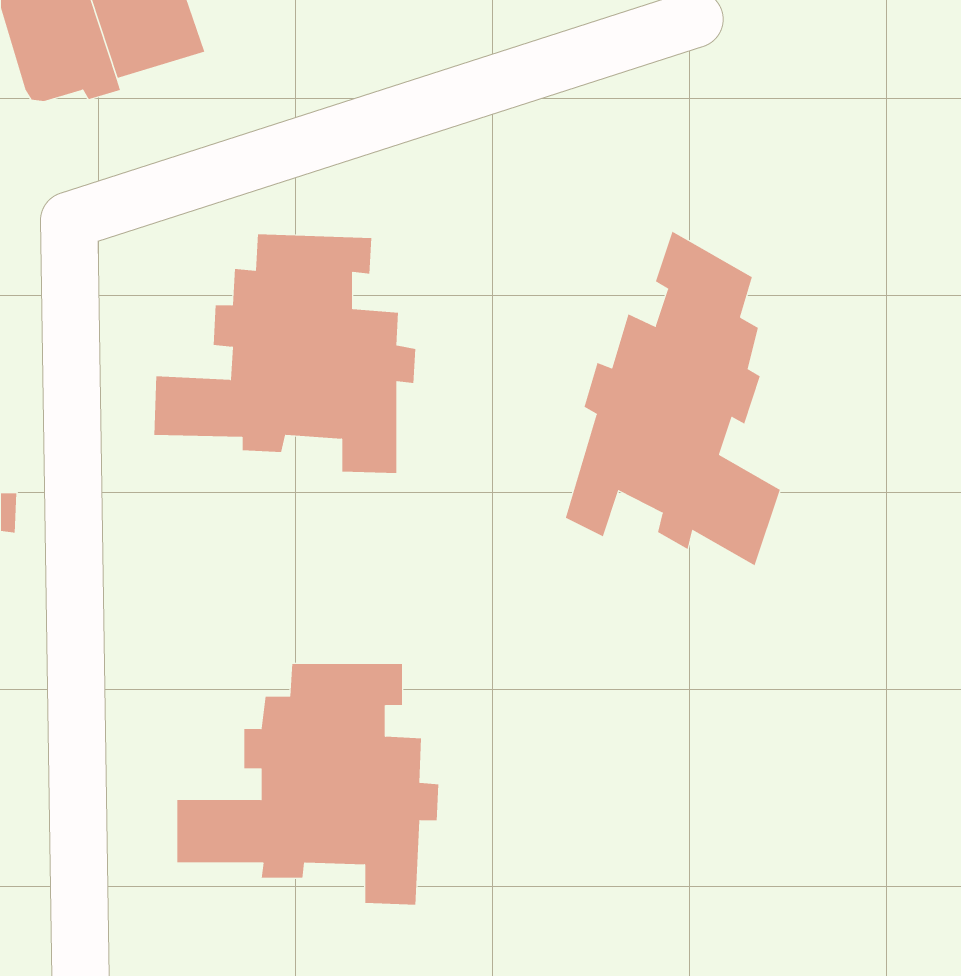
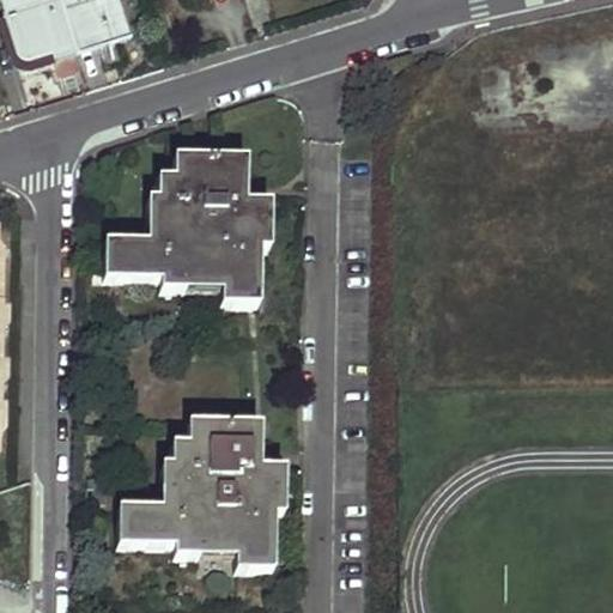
building: [565,231,780,566] -> none

